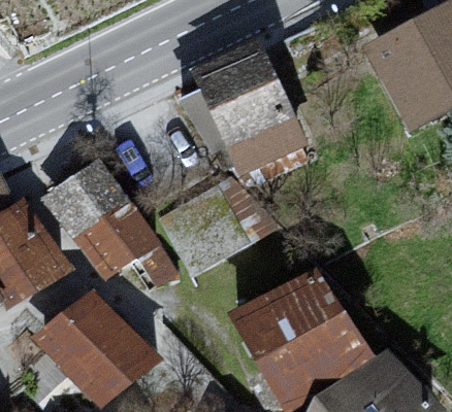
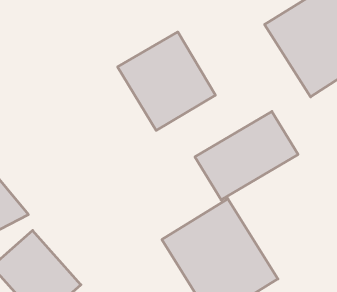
building: [46,147,164,277] -> none
building: none -> [195,111,298,200]

